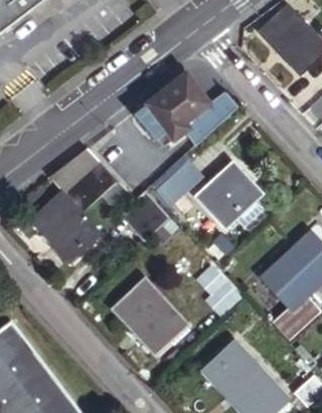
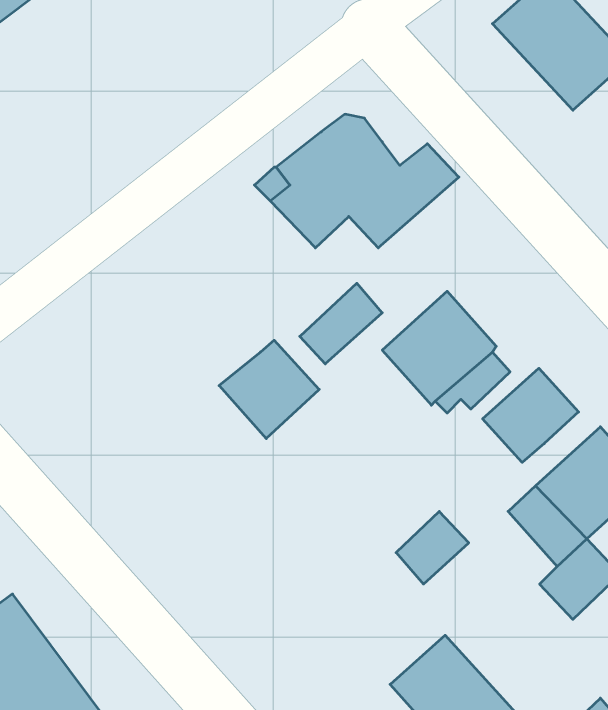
building: [31,155,122,256] -> none
building: none -> [483,368,579,462]
building: [114,279,182,349] -> none

